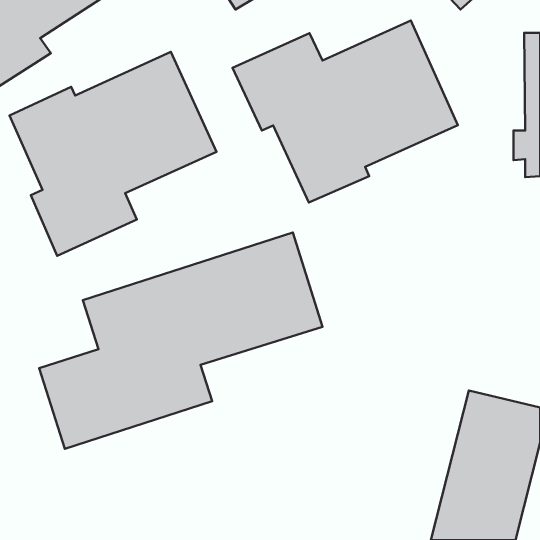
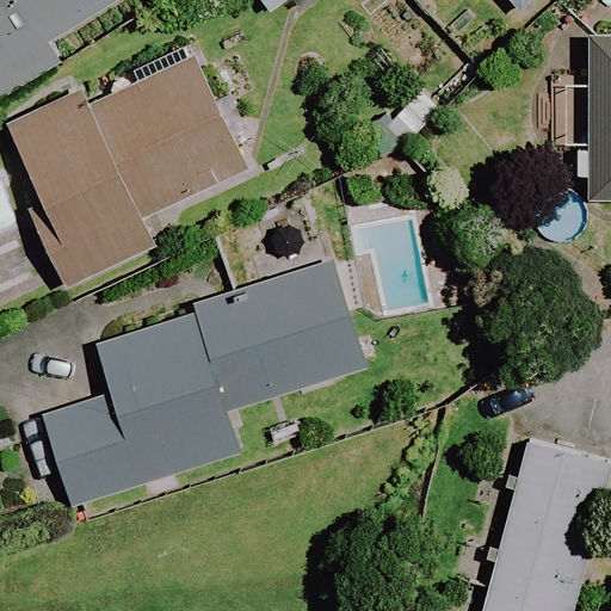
building: [233,20,458,203] -> none

